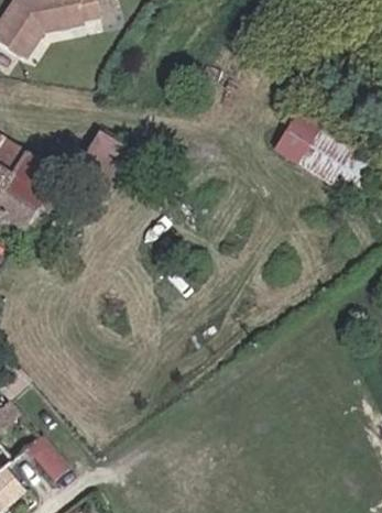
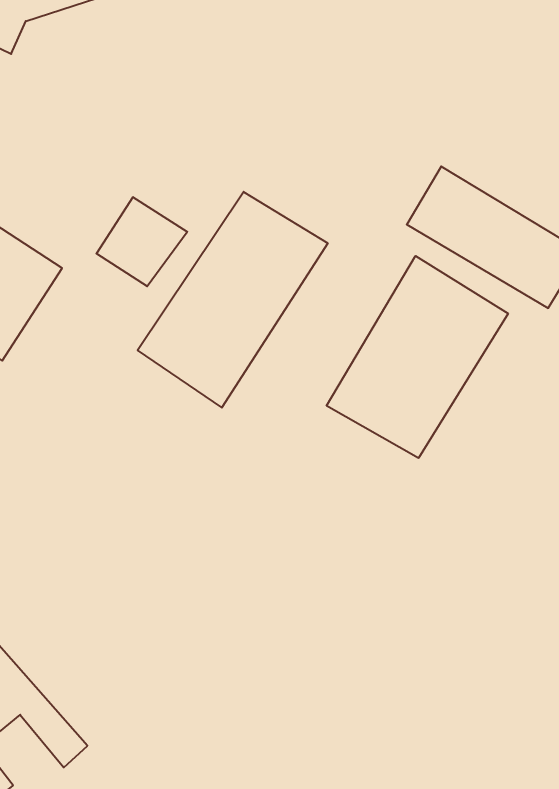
building: none -> [138,192,328,408]
building: none -> [327,256,508,458]

